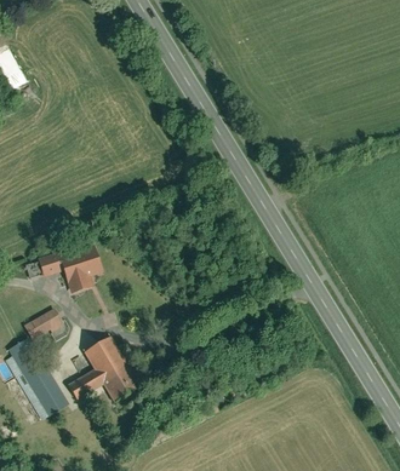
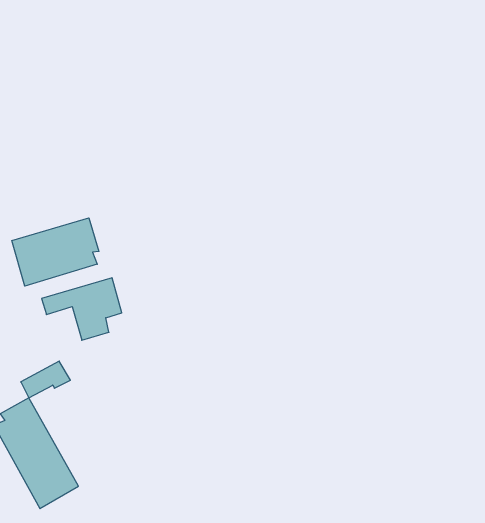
building: none -> [12,218,99,286]
building: [72,335,141,404] -> none

